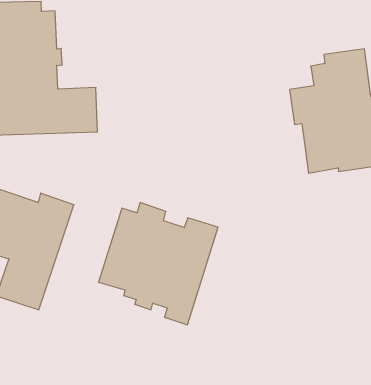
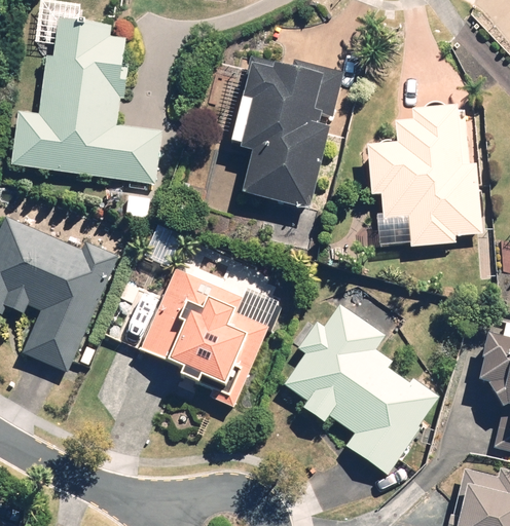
building: none -> [232,54,342,210]
building: none -> [280,304,439,474]

